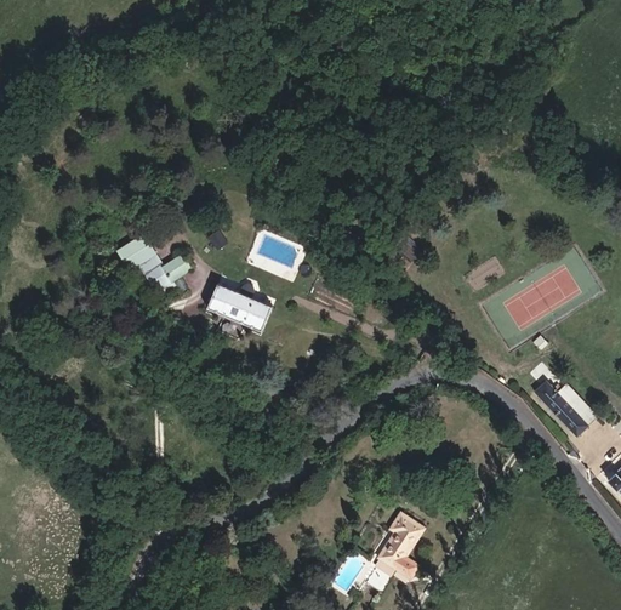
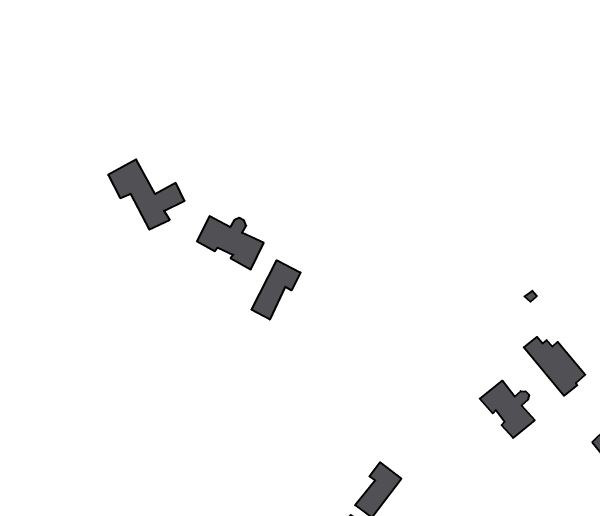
building: none -> [251,260,301,320]
building: none -> [480,381,535,438]

